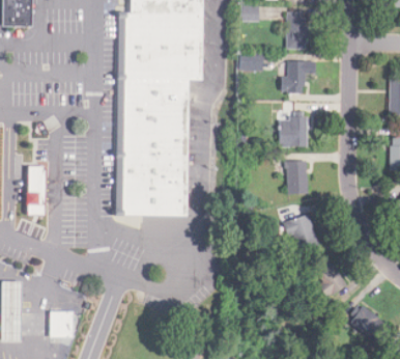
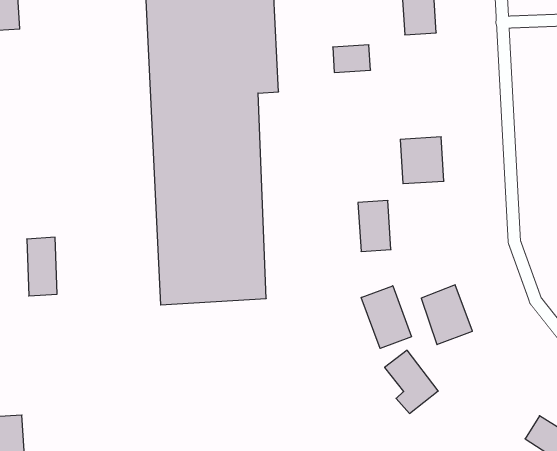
building: [281,60,306,92] -> none
building: [287,161,307,193] -> [358,201,391,251]
building: none -> [361,286,412,348]
building: [313,255,347,297] -> [385,350,438,413]

